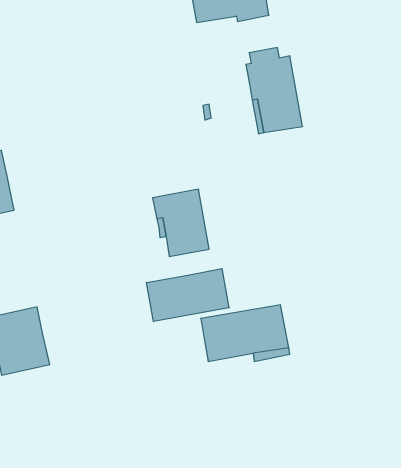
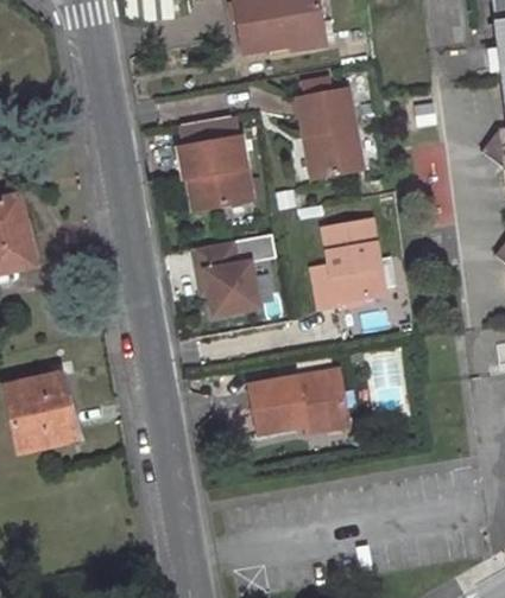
building: none -> [179,116,251,209]
building: none -> [311,221,381,310]
building: [146,269,229,322] -> none

